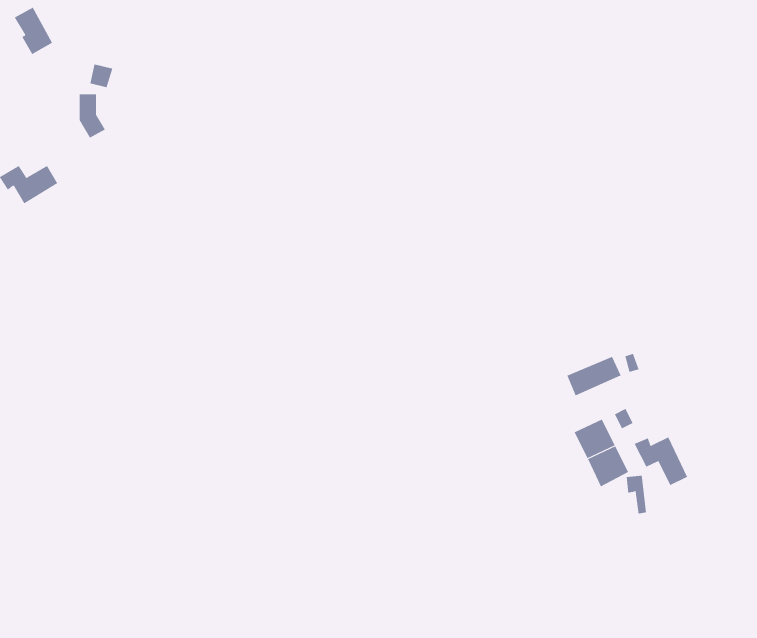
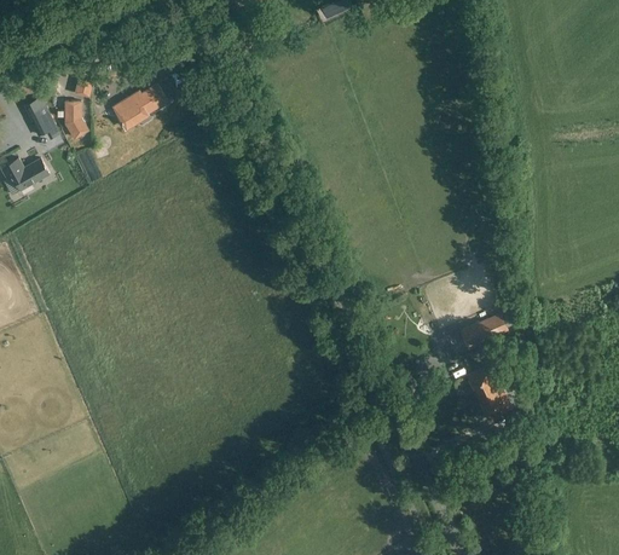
building: [14,7,53,55] -> [24,98,56,137]
building: none -> [114,85,168,128]
building: [634,437,688,486] -> none

